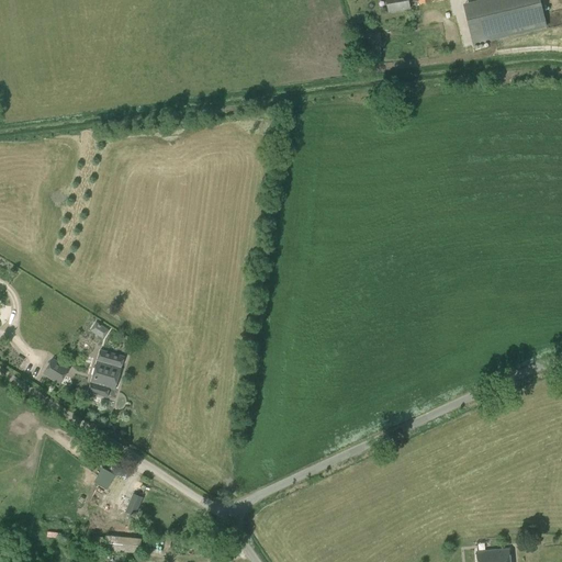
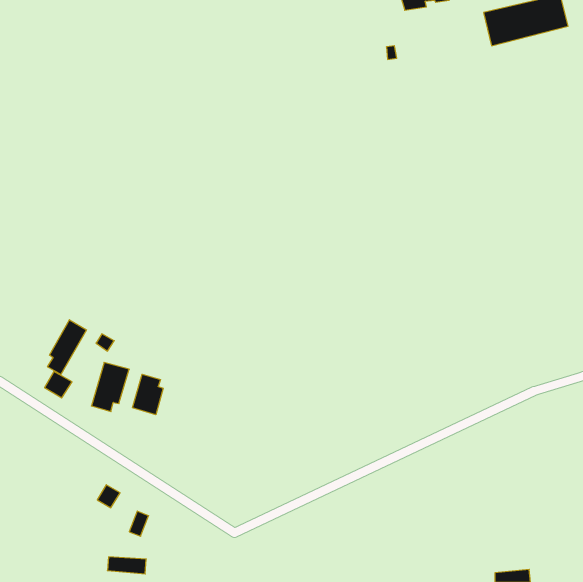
building: none -> [48,320,86,374]
building: none -> [132,374,163,415]

